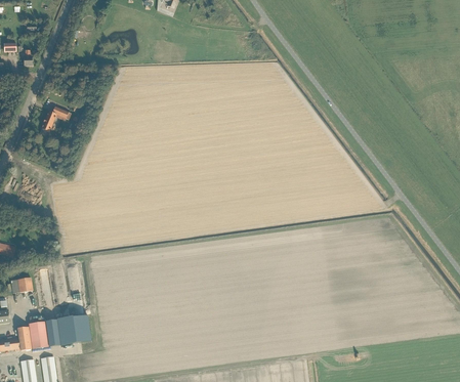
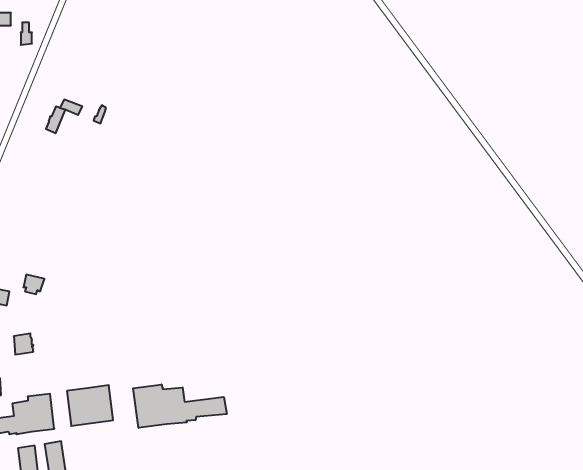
building: none -> [133,384,227,428]

